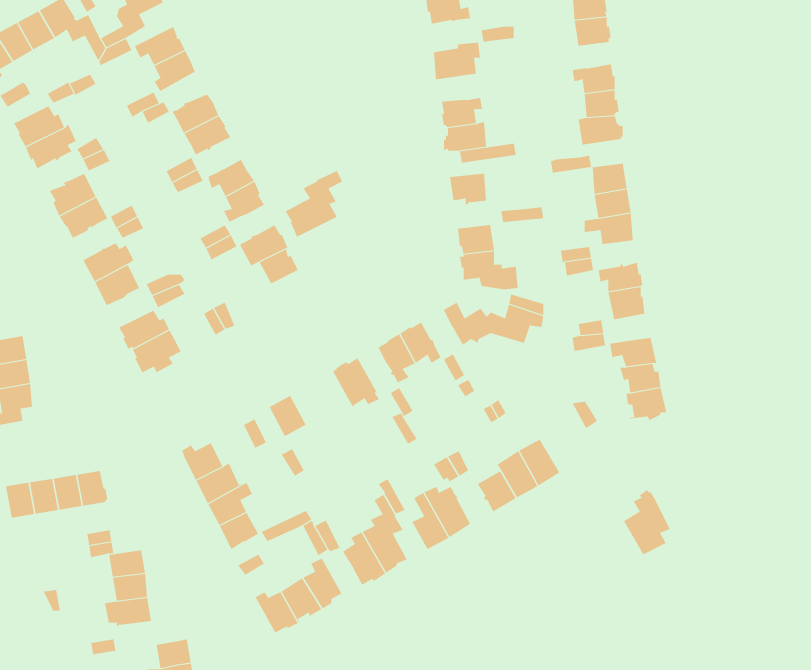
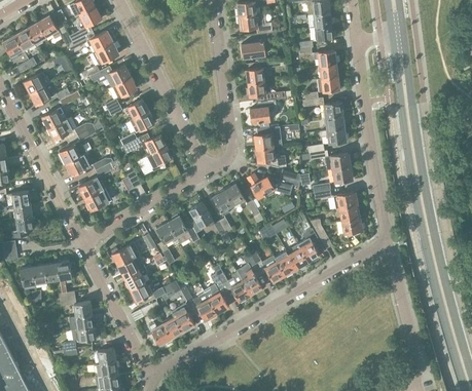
building: [285,170,343,238] -> none
building: none -> [168,213,203,247]
building: [623,490,671,555] -> [297,228,322,262]

